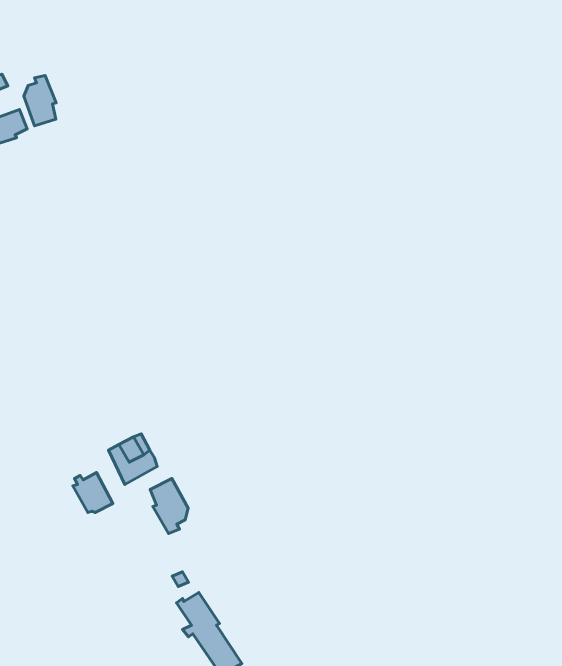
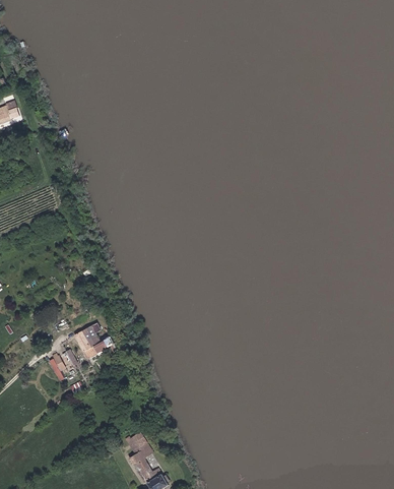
building: [24,76,56,126] -> none
building: [150,479,188,533] -> none

